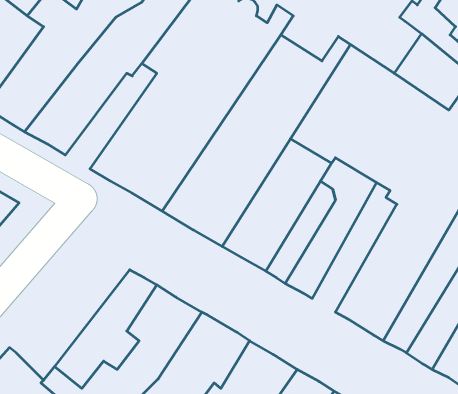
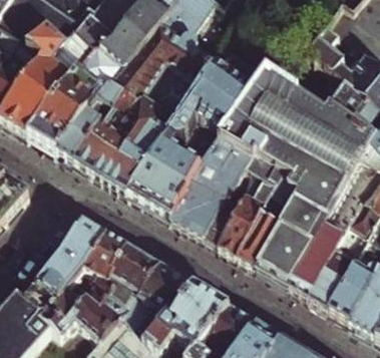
building: none -> [59,82,126,159]
building: none -> [241,169,303,265]
building: none -> [23,219,106,315]

